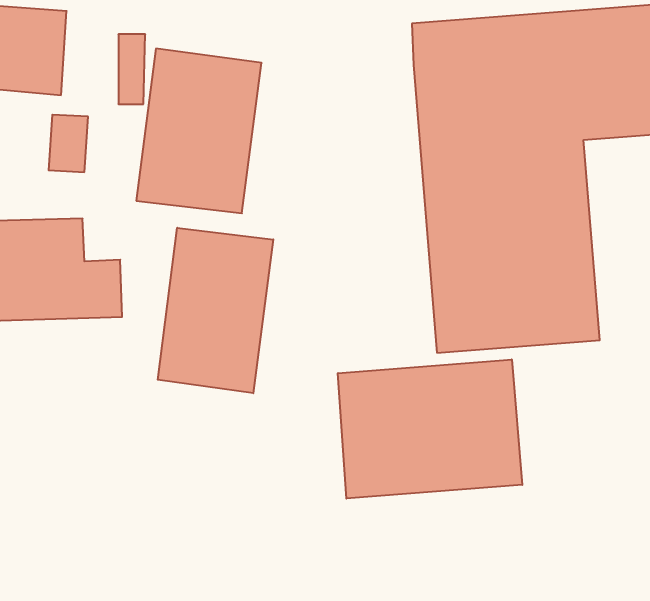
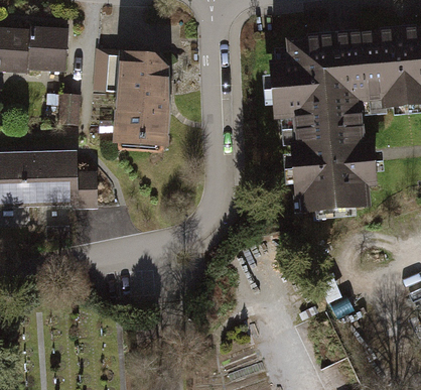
building: [158,228,273,393] -> none
building: [338,359,522,499] -> none

